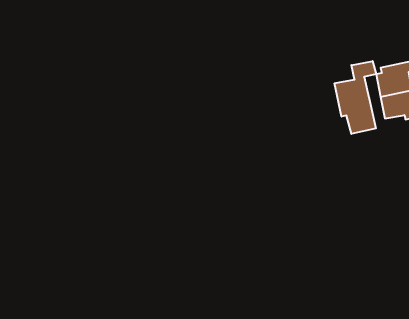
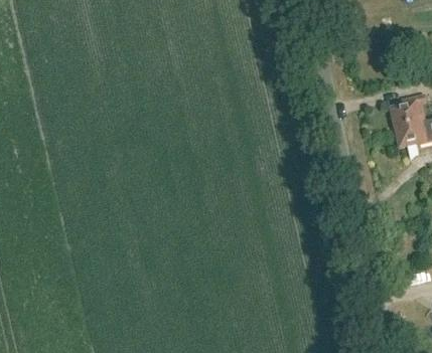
building: [335,61,376,134] -> none

